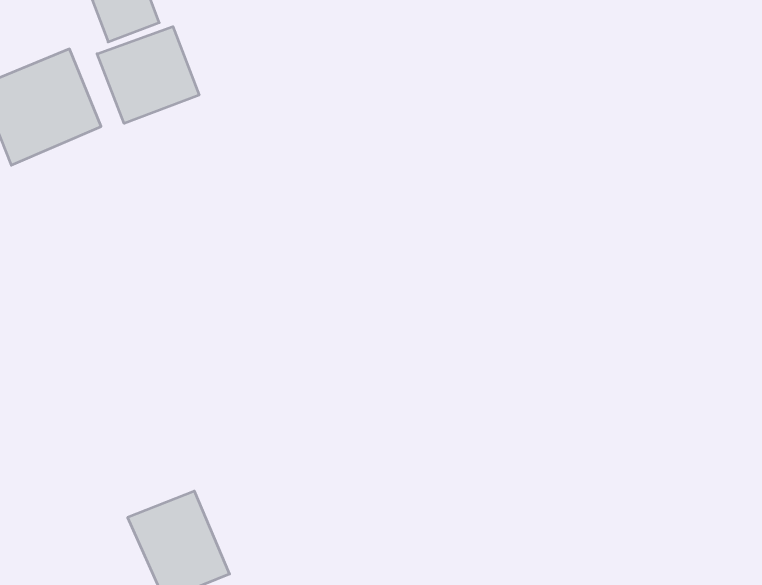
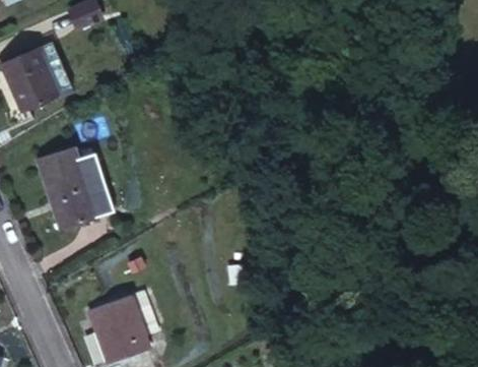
building: [97,27,199,123] -> none
building: none -> [41,150,98,227]

